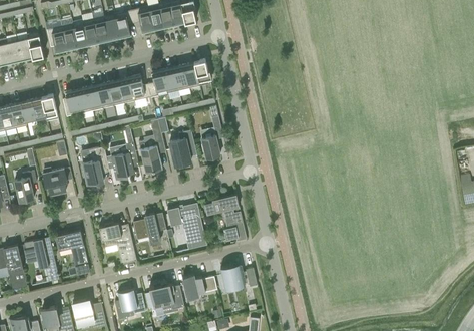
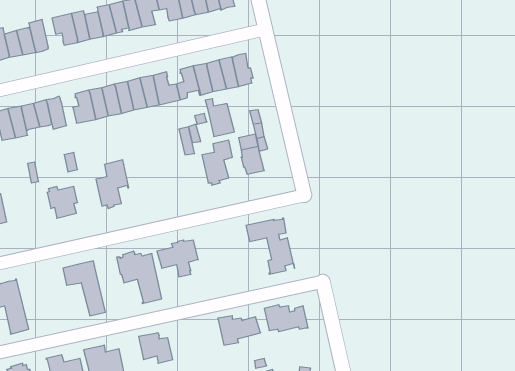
building: [137,142,161,174] -> [205,99,234,137]
building: [108,143,137,181] -> none
building: [13,172,35,203] -> none
building: [165,204,205,251] -> none
building: [23,238,58,282] -> none
building: [148,282,183,313] -> none

